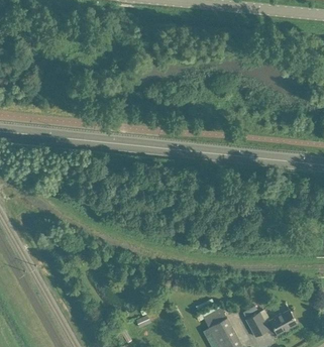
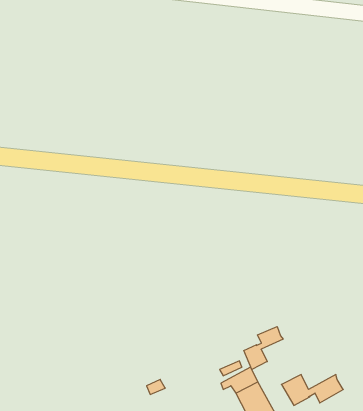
building: none -> [244,327,283,369]

